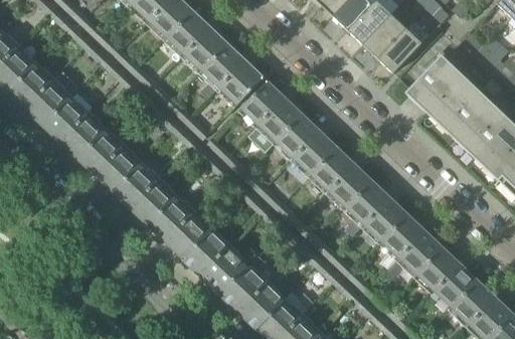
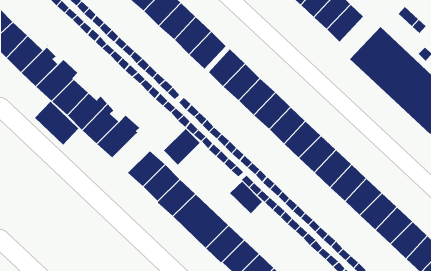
building: none -> [34,101,79,145]
building: [131,181,174,224] -> [163,128,201,165]
building: none -> [224,181,263,214]

